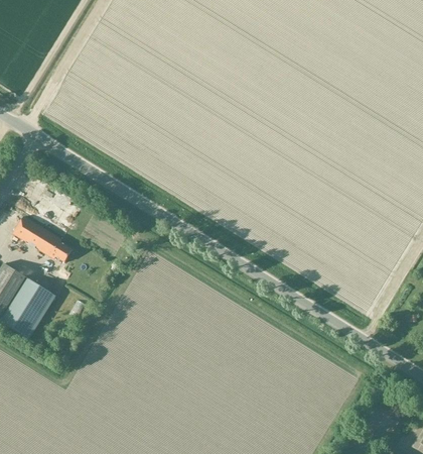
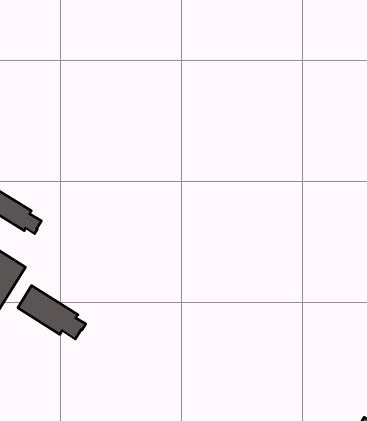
building: none -> [18,286,86,339]

